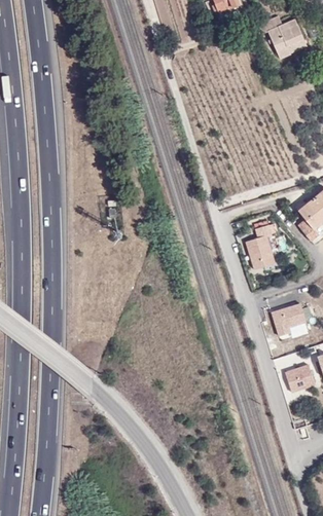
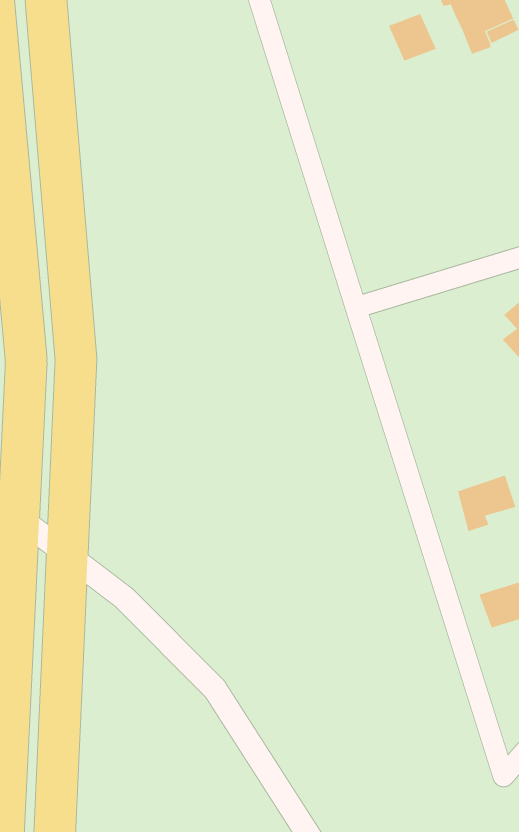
building: none -> [388,13,437,62]
building: [246,224,274,268] -> none

